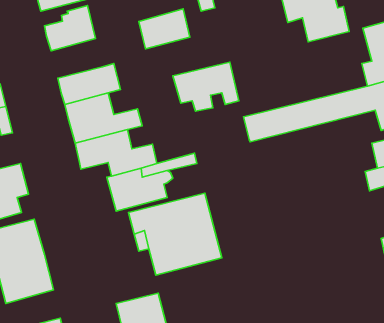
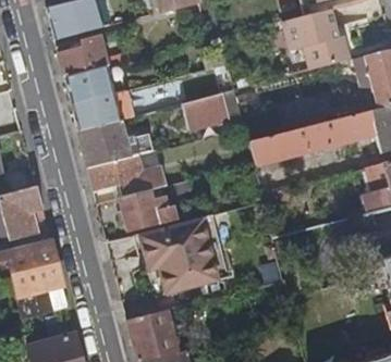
building: [139,9,190,49] -> [65,65,114,103]

